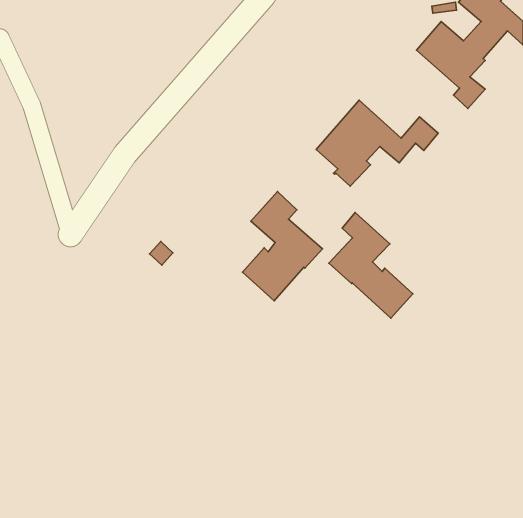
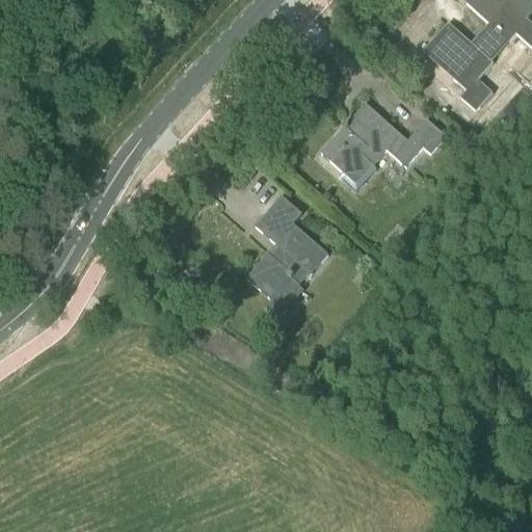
building: [329,212,413,318] -> none

